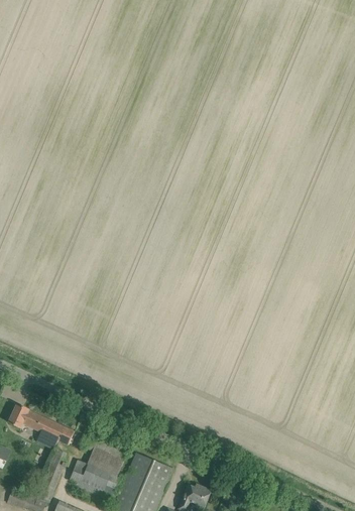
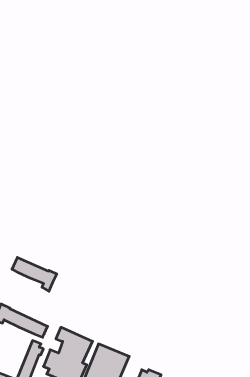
building: none -> [12,257,57,291]

